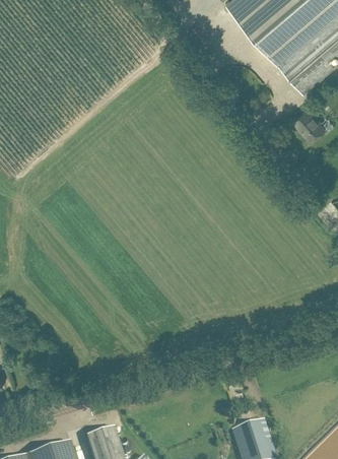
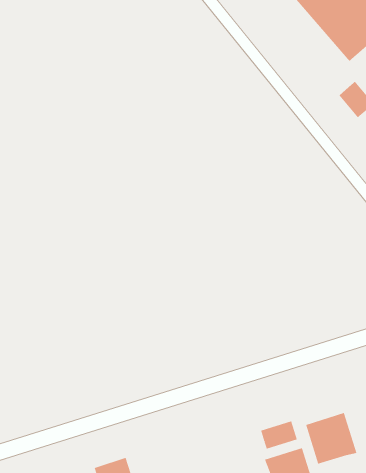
building: none -> [305,412,357,465]
building: none -> [261,420,298,450]

